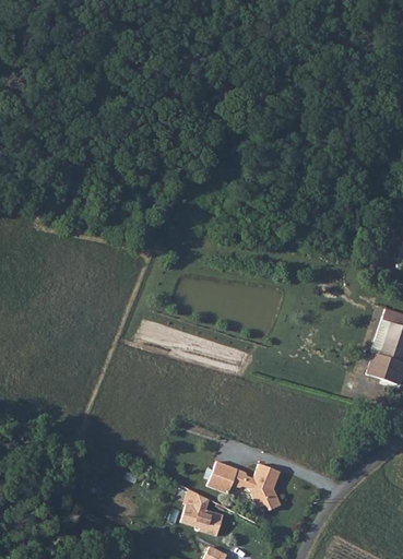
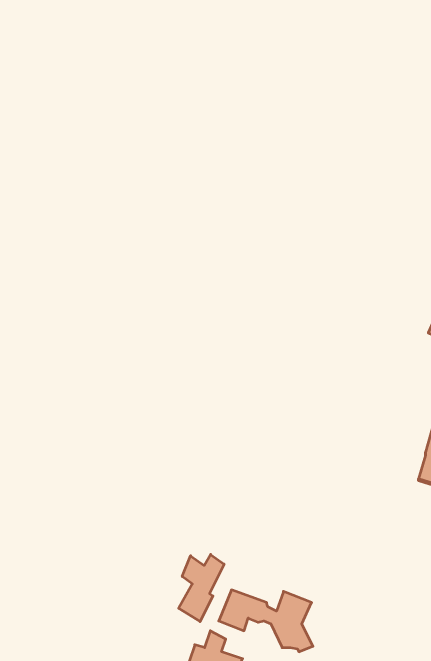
building: none -> [179,554,224,622]

